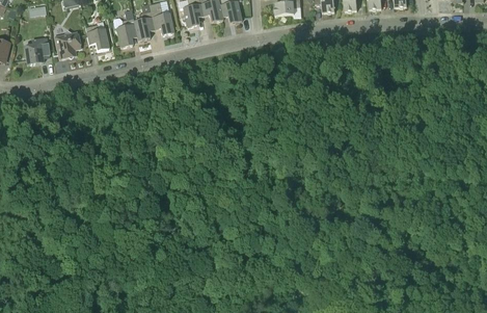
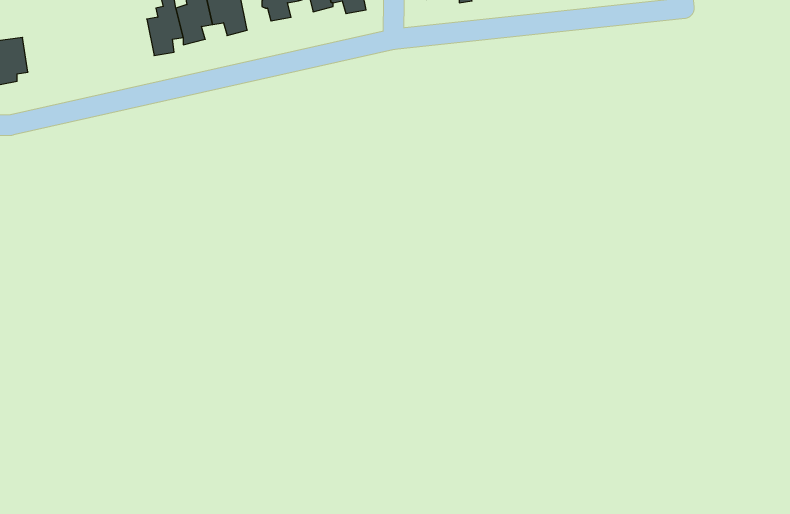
building: [84,24,109,51] -> none
building: [54,30,80,59] -> none

